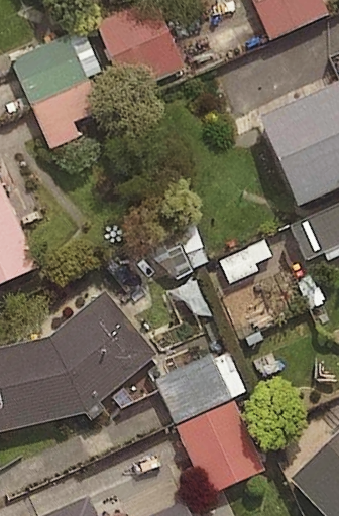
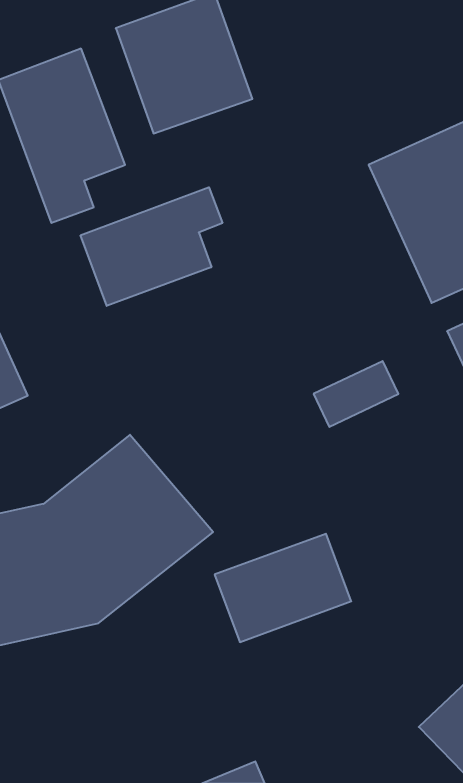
building: none -> [81,187,222,306]
building: [182,411,261,499] -> none

